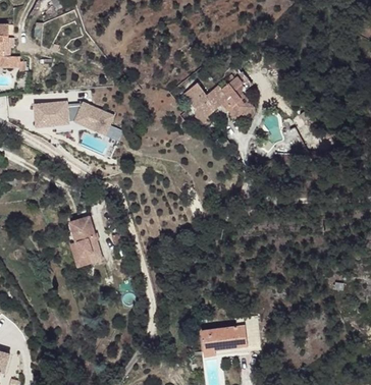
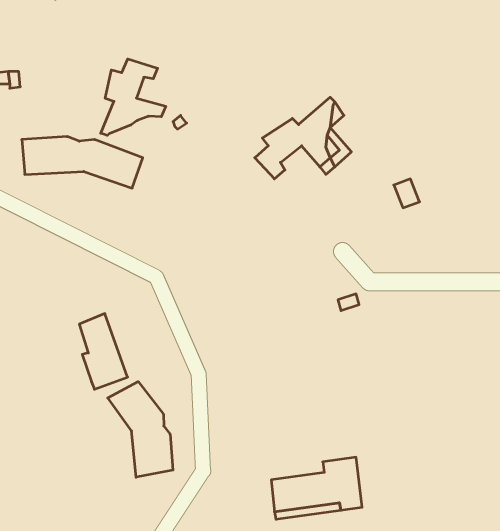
building: none -> [101,59,166,135]
building: none -> [108,382,173,477]

